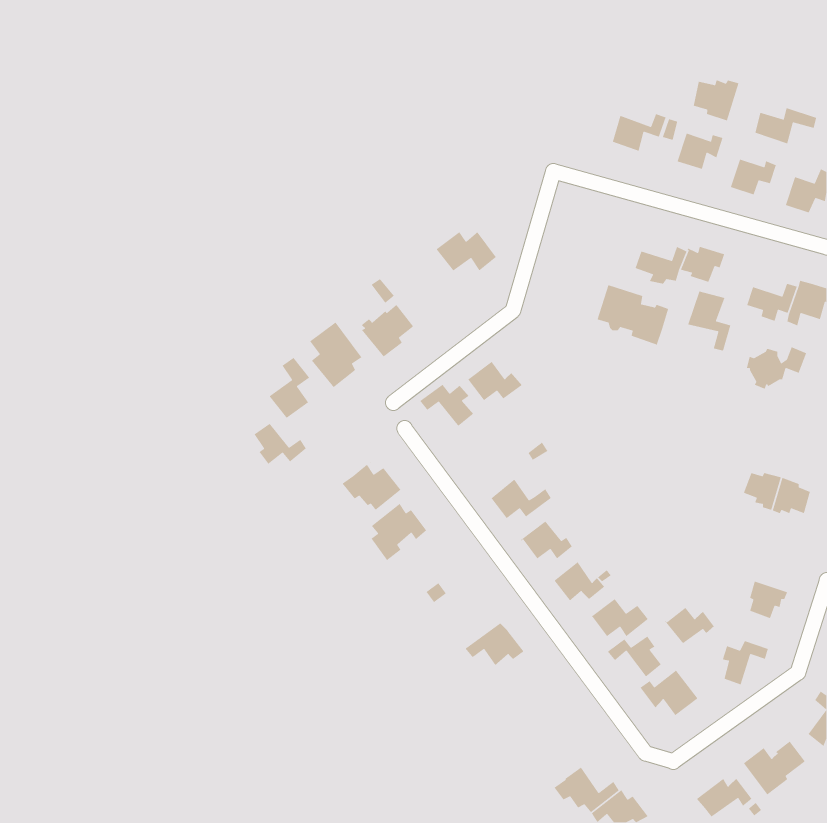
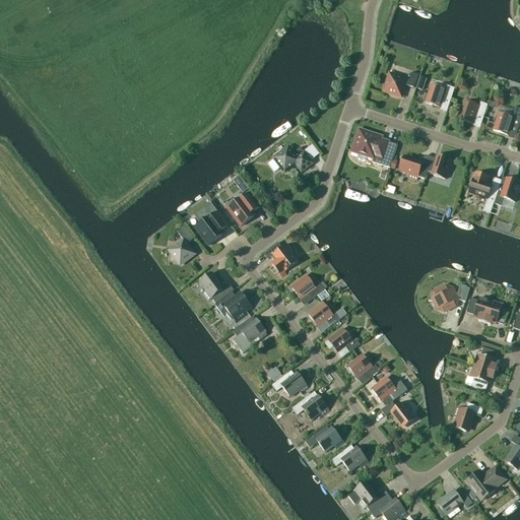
building: [693,79,740,121] -> none
building: [754,107,819,144] -> none
building: [596,284,669,346] -> [351,128,397,167]
building: [687,291,732,352] -> none
building: [746,346,807,390] -> [432,283,470,311]
building: [466,361,523,401] -> [289,273,325,299]
building: [254,423,307,465] -> [199,273,233,300]
building: none -> [473,346,497,372]
building: none -> [272,370,309,395]
building: [664,607,715,644] -> none
building: [640,670,699,716] -> none
building: none -> [305,425,343,450]
building: none -> [331,445,369,470]

